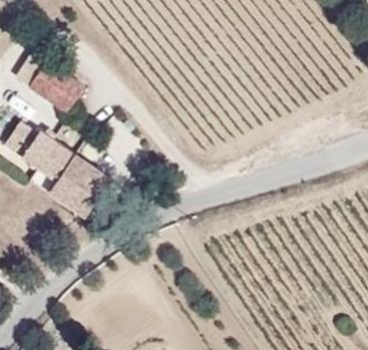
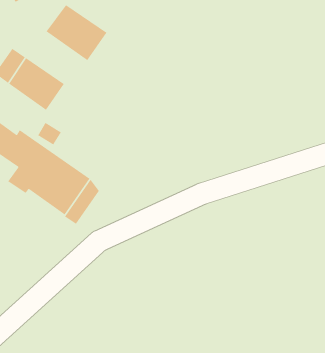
building: none -> [46,4,107,61]

